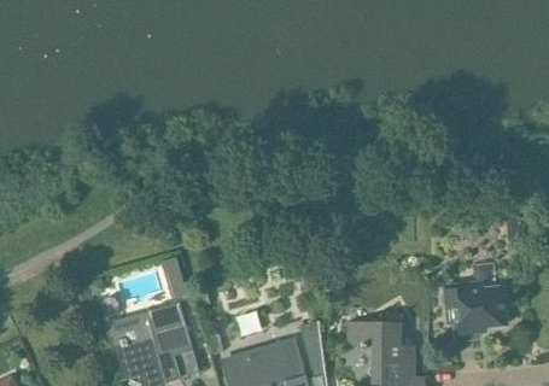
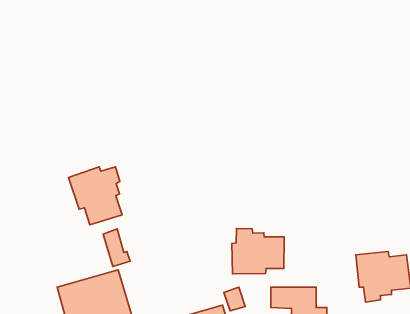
building: none -> [68,167,122,225]
building: none -> [232,229,284,274]

